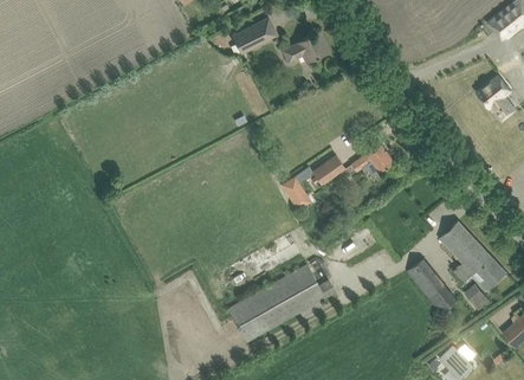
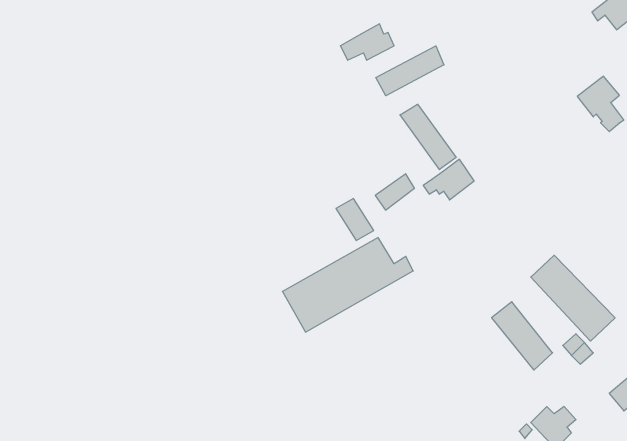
building: [233,19,277,54] -> none
building: none -> [376,46,444,96]
building: none -> [400,104,456,170]
building: [228,265,335,342] -> [282,238,413,332]

